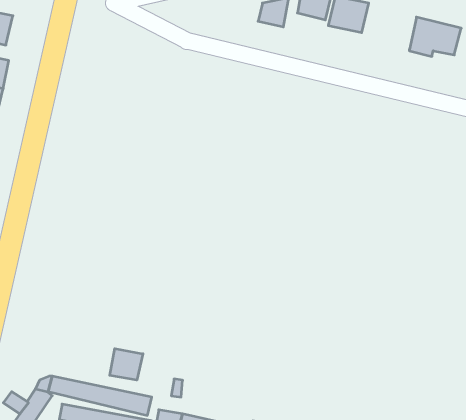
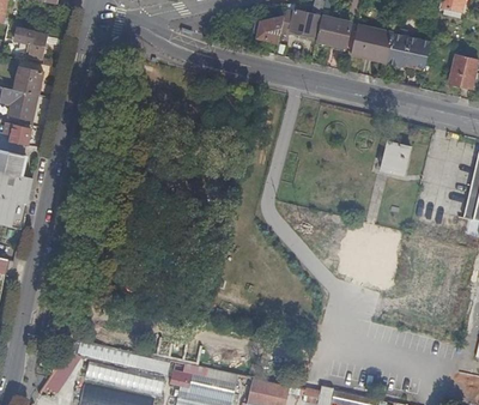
building: none -> [350,24,393,61]
building: none -> [380,141,410,176]
building: [110,349,143,380] -> none

